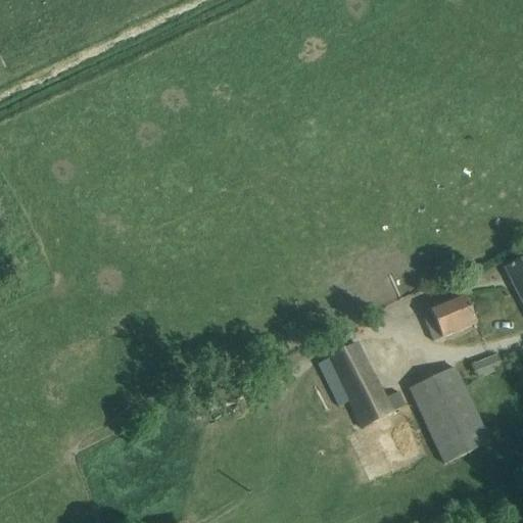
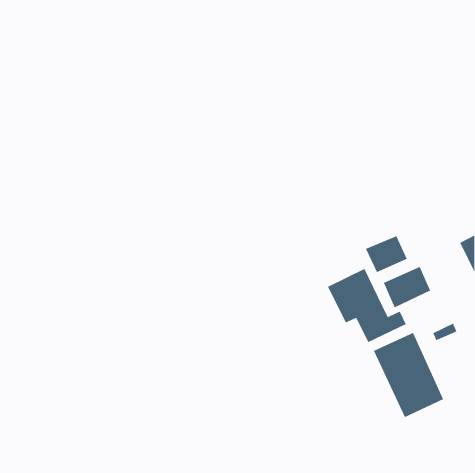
building: none -> [365,235,408,273]
building: [317,343,405,426] -> [327,268,407,343]

